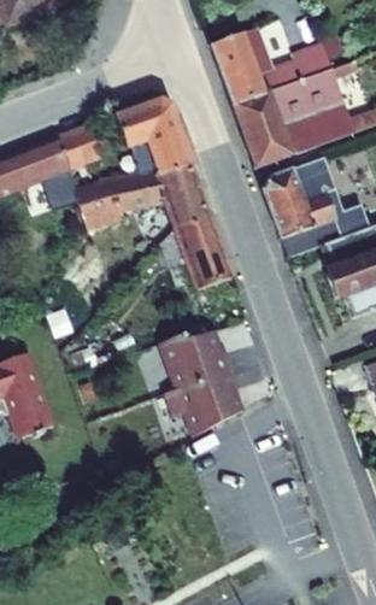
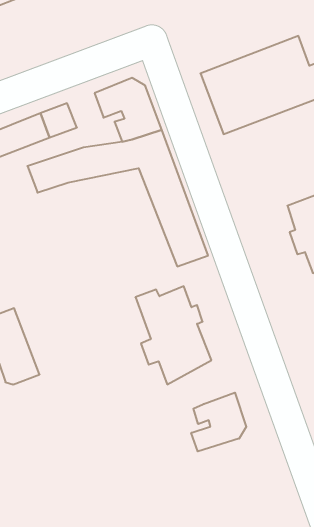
building: [210,25,340,98] -> none
building: [266,165,348,240] -> none
building: none -> [191,393,246,451]

